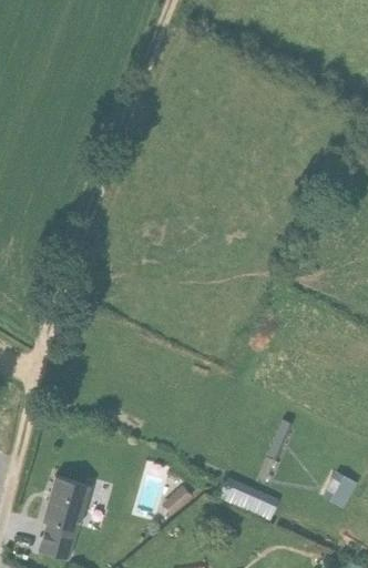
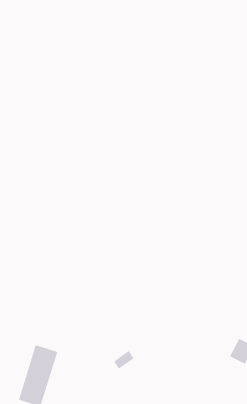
building: [221,476,282,518] -> none

